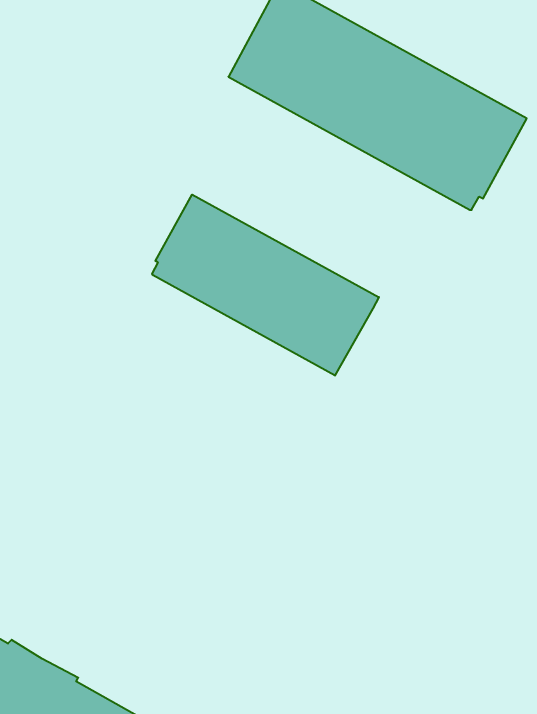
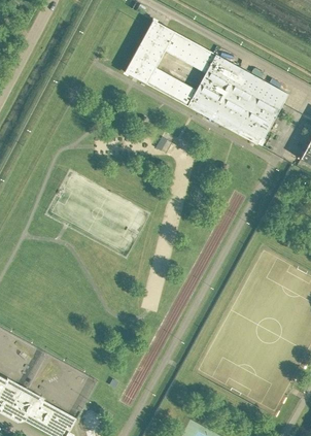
building: [152,195,379,376] -> none

